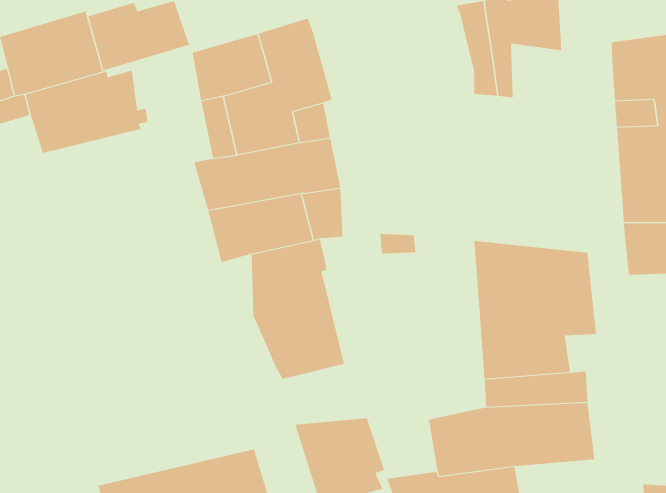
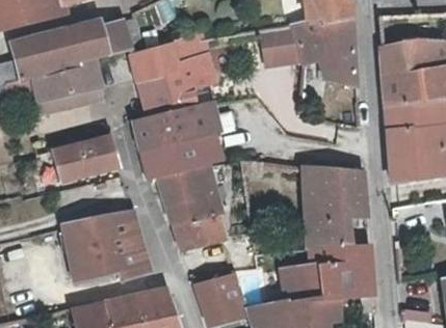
building: none -> [259,29,298,70]
building: none -> [322,47,356,85]
building: none -> [42,137,119,180]
building: none -> [56,211,150,284]

